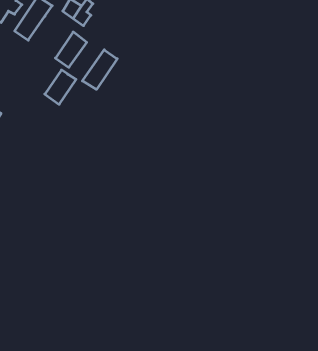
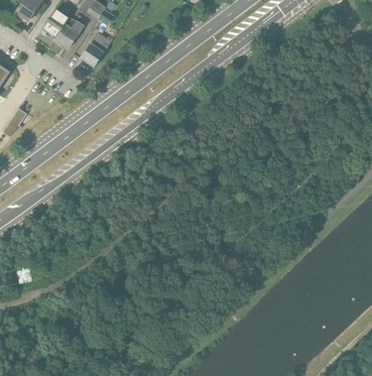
building: [82,50,117,89] -> none
building: [45,70,76,104] -> [56,17,87,50]

